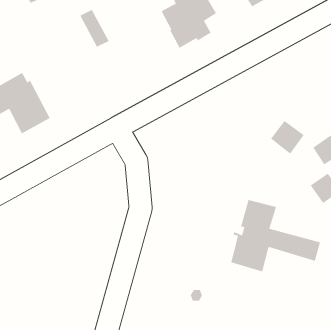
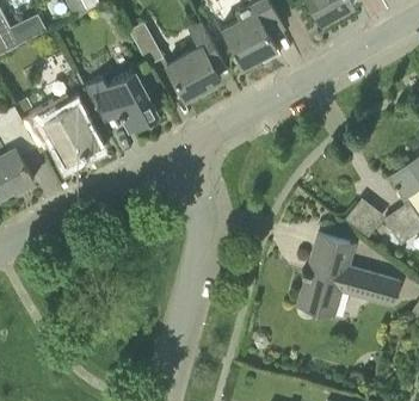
building: none -> [167,23,223,99]
building: none -> [86,70,159,129]
building: [270,120,305,154] -> [350,197,388,235]

